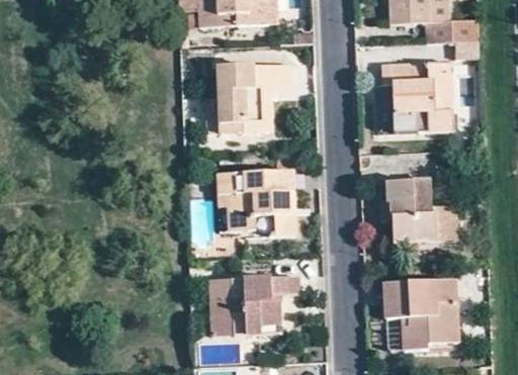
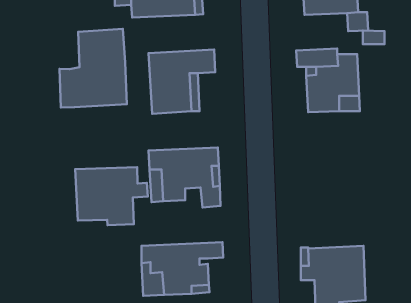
building: none -> [59,29,127,107]
building: [388,177,439,242] -> none
building: none -> [75,167,148,225]

